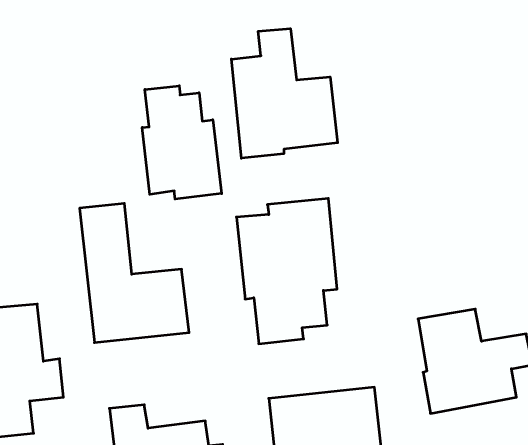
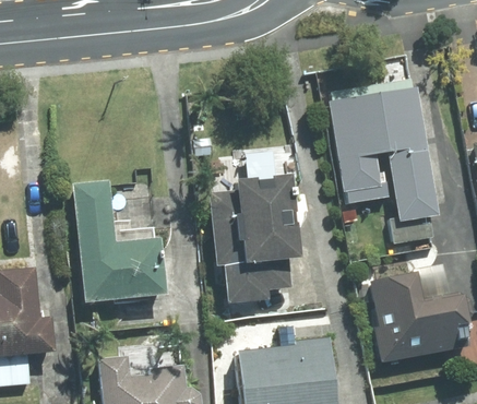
building: [231,29,338,158] -> none
building: [142,86,222,199] -> none
building: none -> [329,86,439,243]

